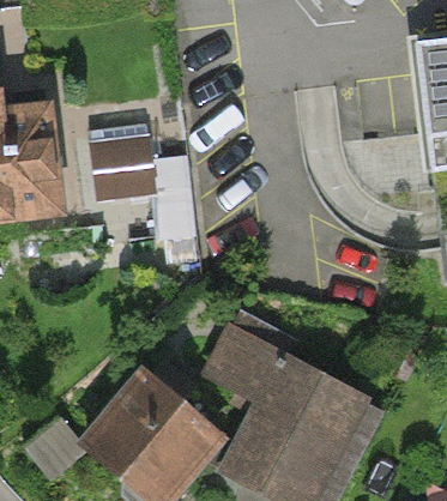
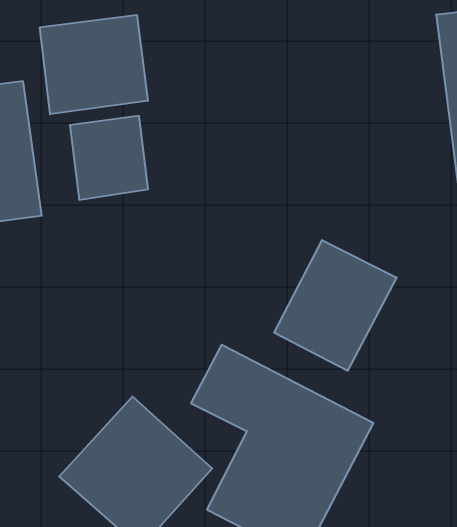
building: none -> [40,15,148,114]
building: none -> [274,240,397,371]

